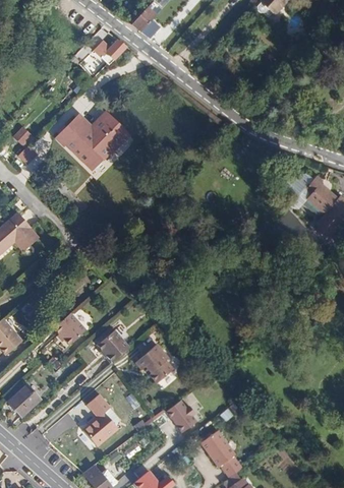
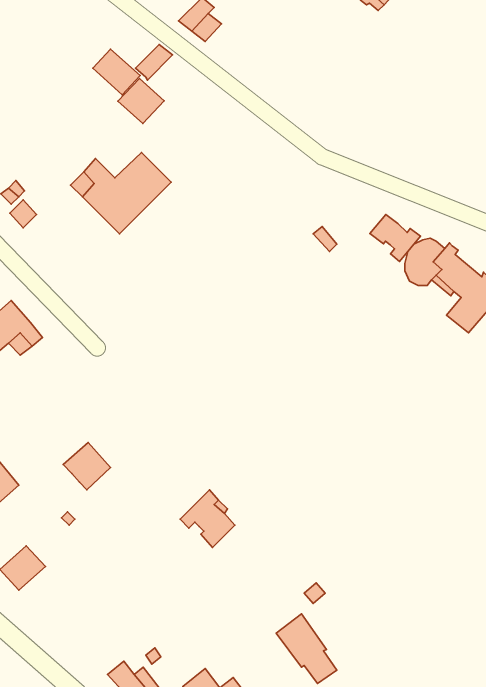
building: none -> [118,78,164,124]
building: none -> [370,215,421,261]
building: [94,328,128,362] -> none
building: [82,392,119,444] -> none
building: [167,399,197,431] -> none

